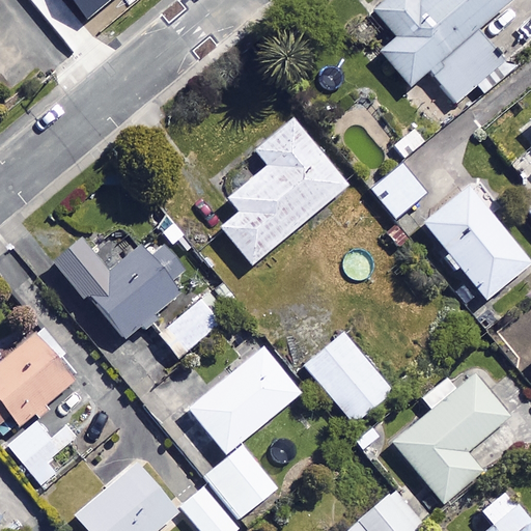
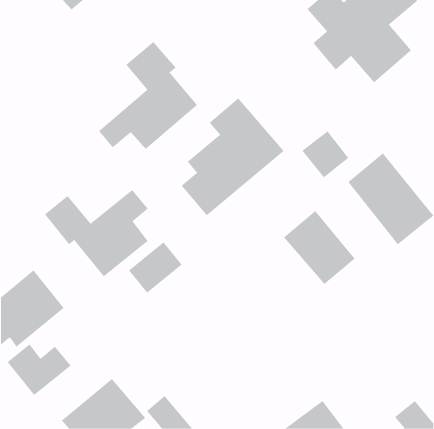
building: none -> [98,41,198,150]
building: [304,332,392,423] -> [283,210,355,285]
building: [189,346,301,519] -> none
building: [391,374,508,501] -> none

